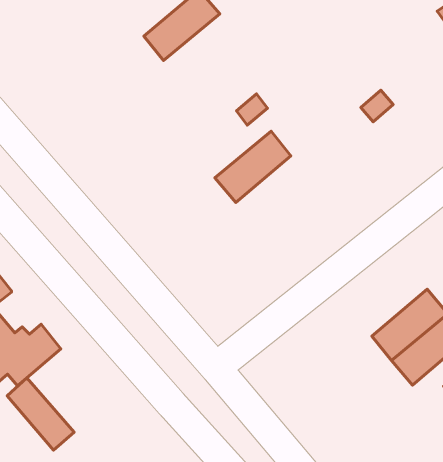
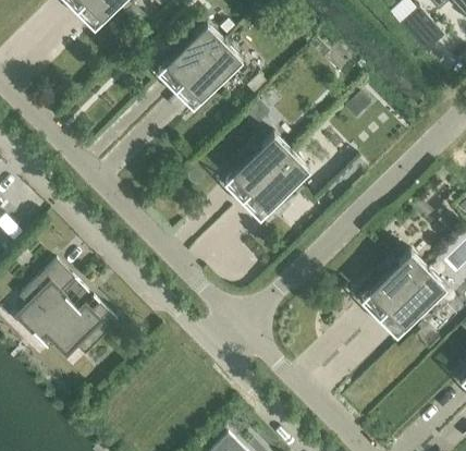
building: none -> [182,42,242,102]
building: none -> [249,153,309,212]
building: [7,378,74,450] -> none

